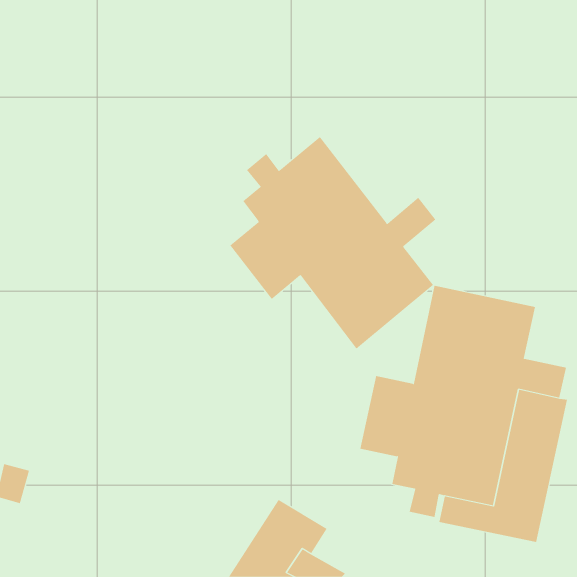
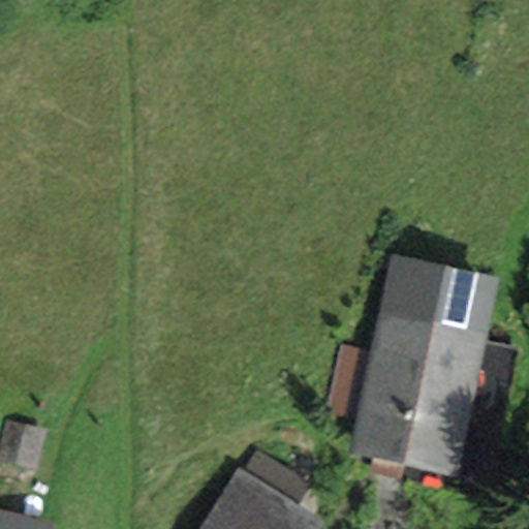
building: [229,136,436,350] -> none

